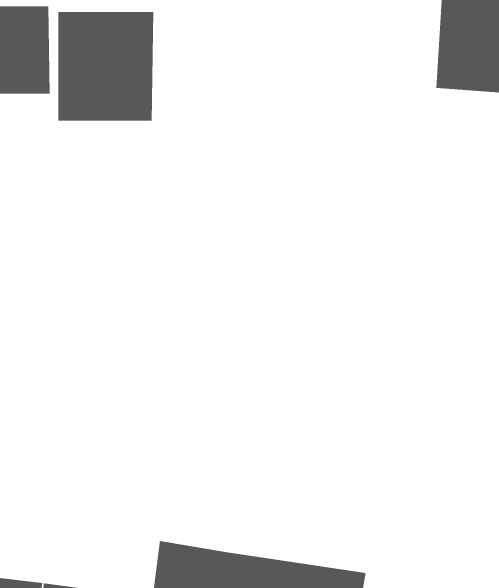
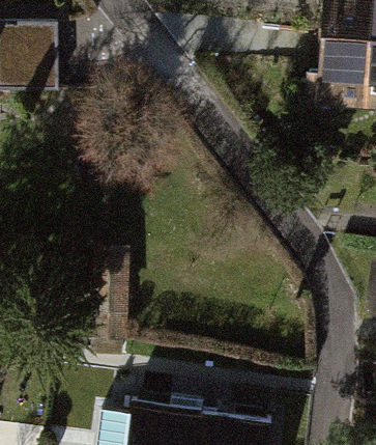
building: [58,11,154,122] -> none

